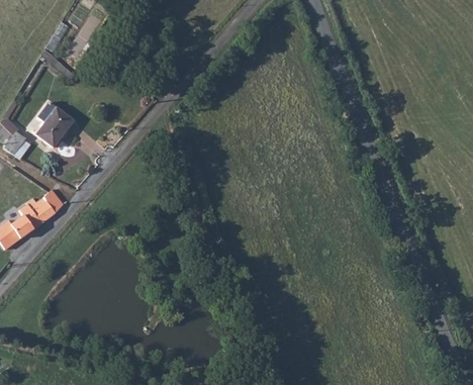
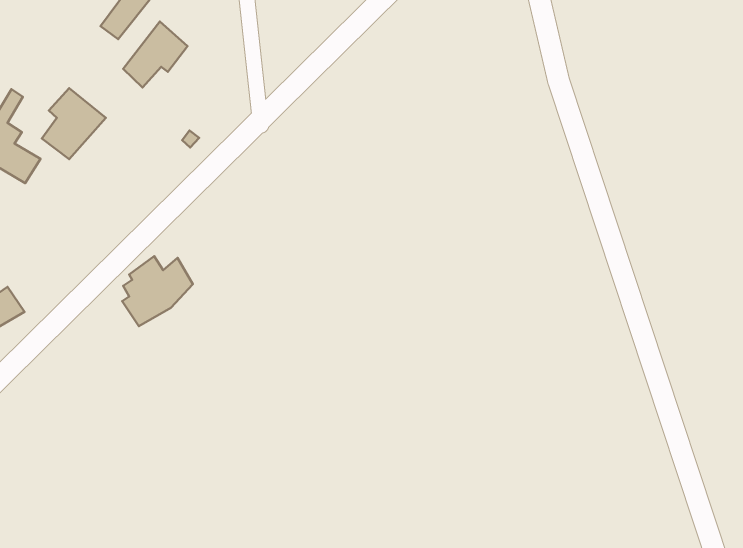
building: none -> [123,22,187,87]
building: [18,191,60,233] -> [122,256,193,326]

